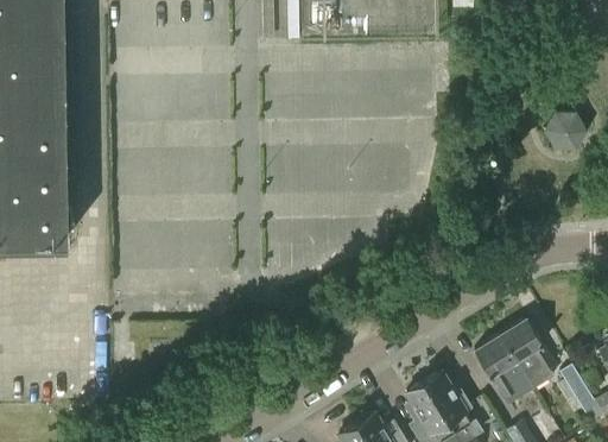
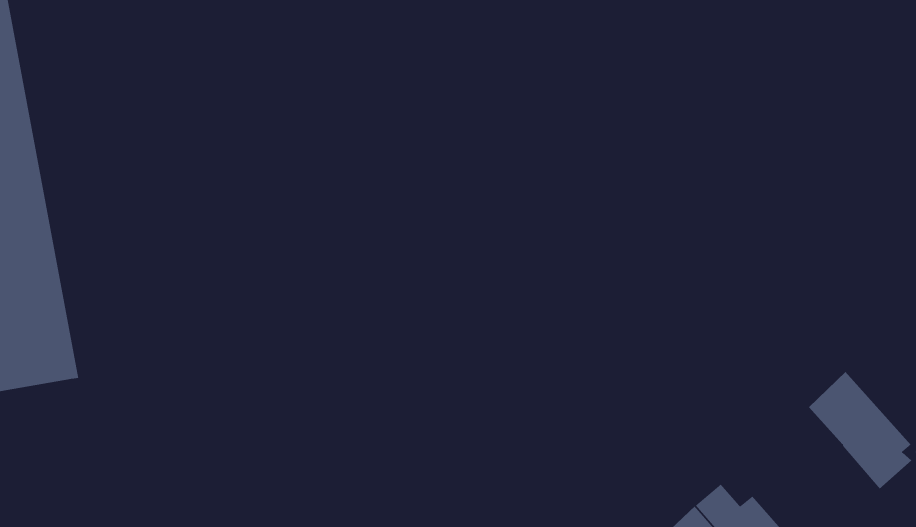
building: [540,108,587,150] -> none
building: [473,333,517,398] -> none

